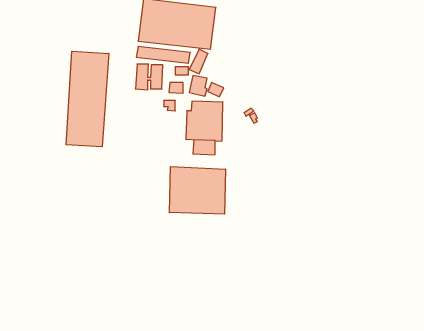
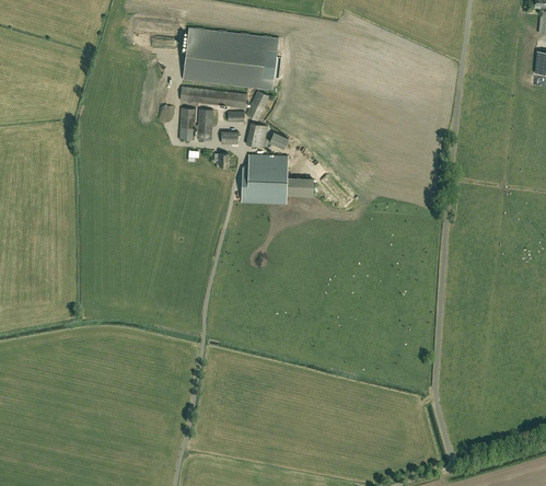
building: [66,51,109,147] -> none
building: [193,140,215,155] -> [287,177,314,196]
building: [169,167,226,214] -> none

